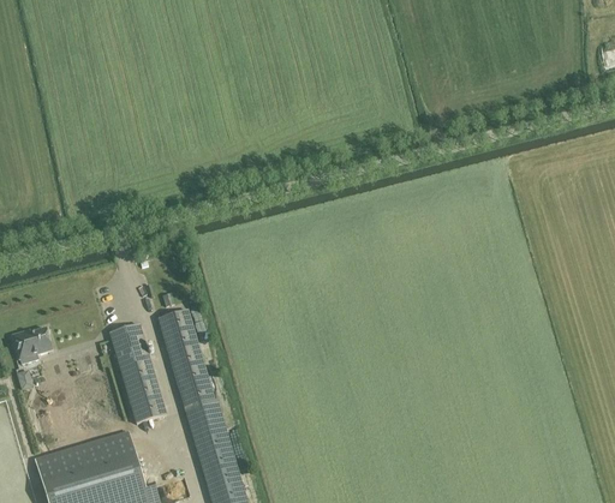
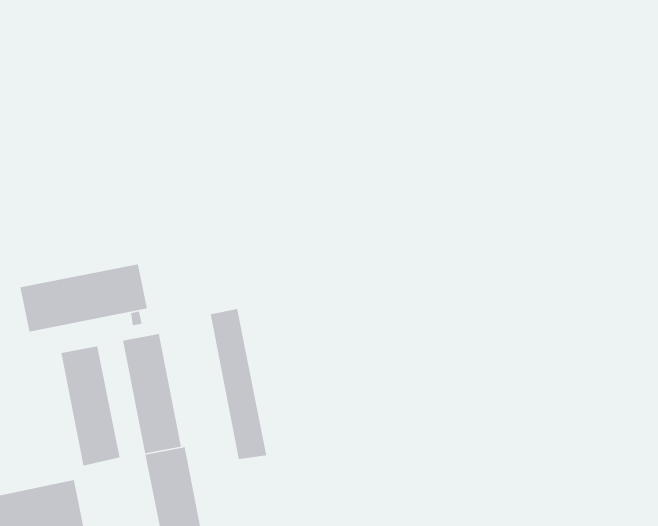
building: none -> [19,263,148,332]
building: none -> [210,308,267,460]

